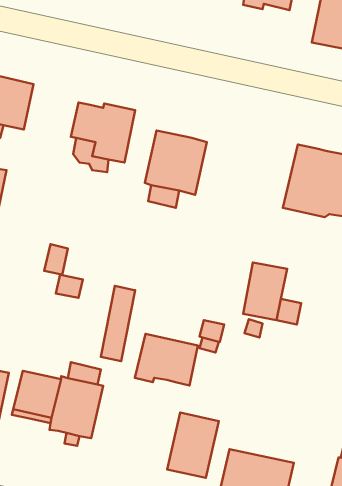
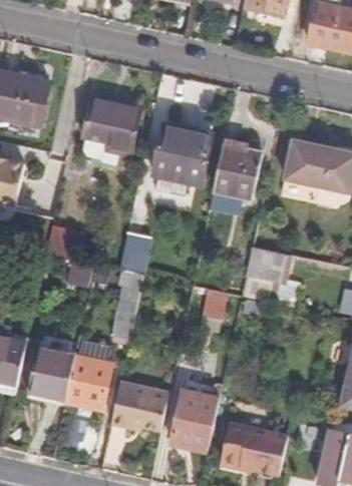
building: none -> [207,143,259,214]
building: none -> [117,231,147,274]
building: [135,334,198,385] -> [109,382,168,430]

